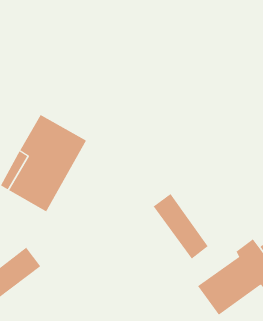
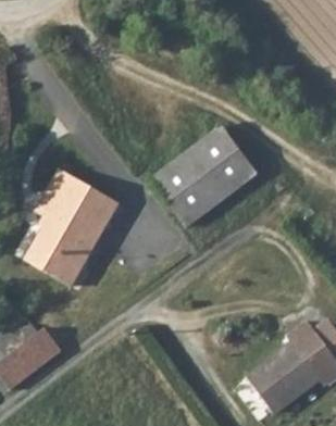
building: none -> [148,124,254,223]
building: [153,193,208,260] -> none

